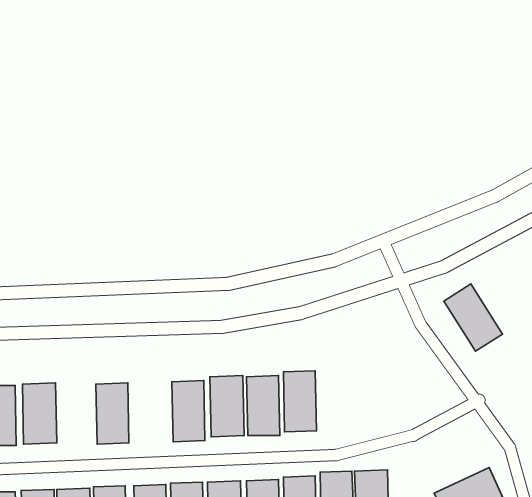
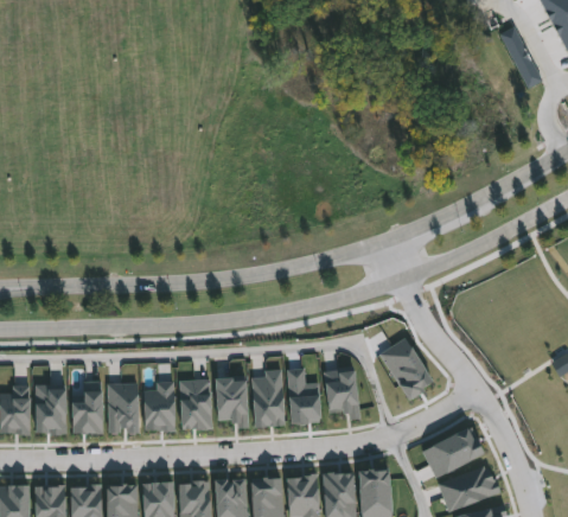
building: [444,284,503,351] -> [381,339,438,404]
building: none -> [321,363,362,426]
building: none -> [70,379,103,439]
building: none -> [143,379,175,439]
building: none -> [420,422,485,474]

